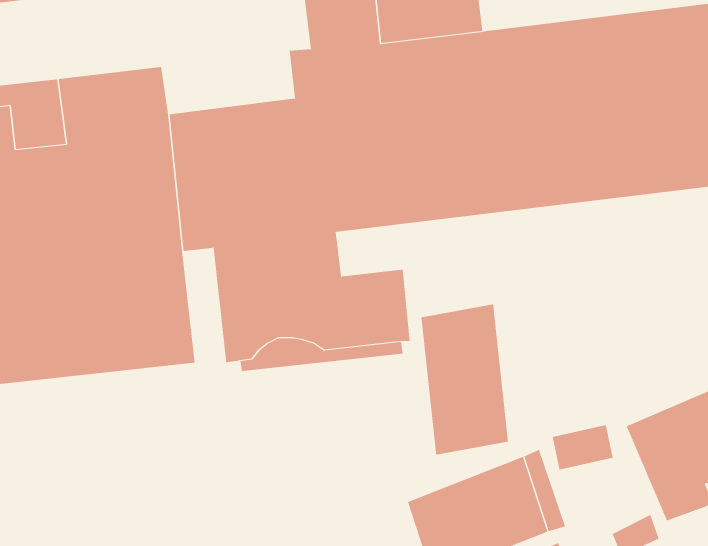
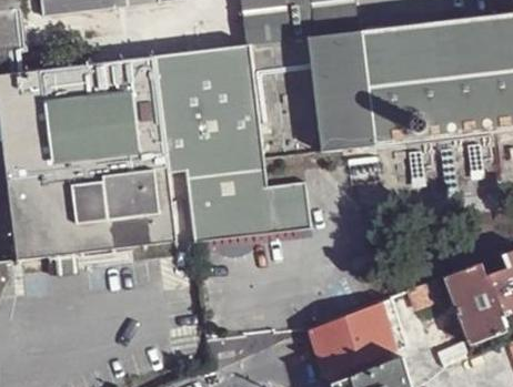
building: none -> [154,45,238,85]
building: [421,304,509,455] -> none

